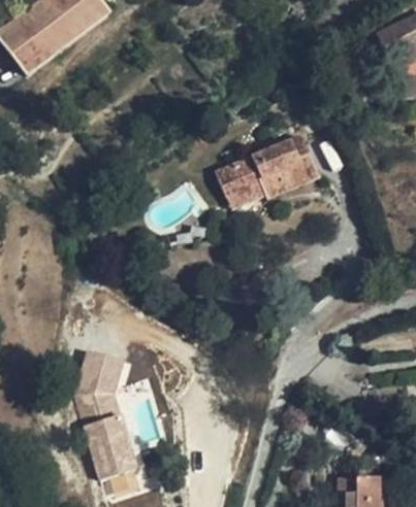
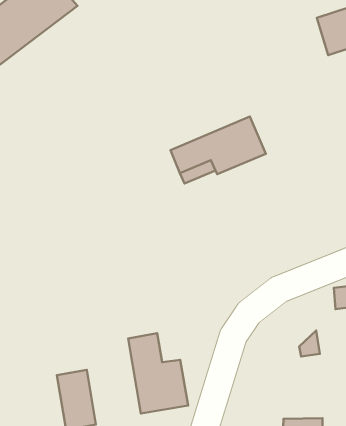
building: [77,349,123,405] -> none
building: none -> [128,333,188,414]

